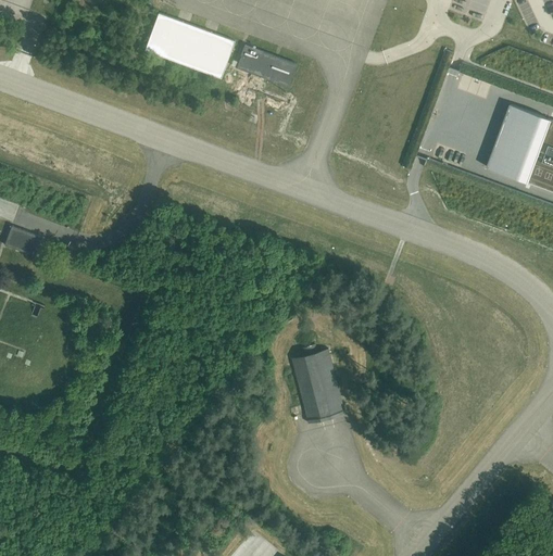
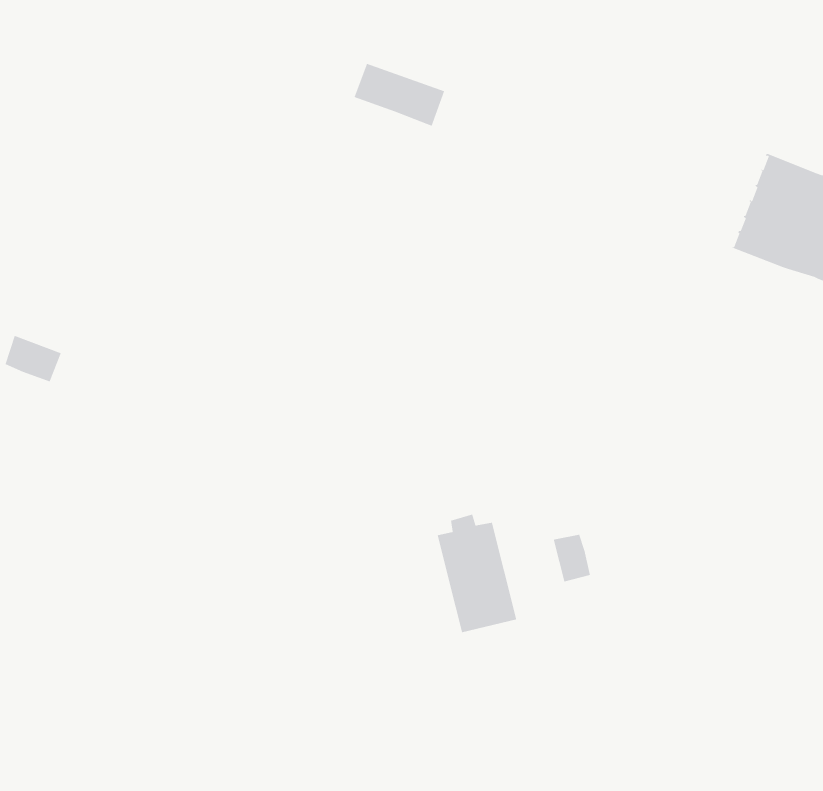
building: [144,13,235,79] -> none
building: none -> [553,534,591,583]

